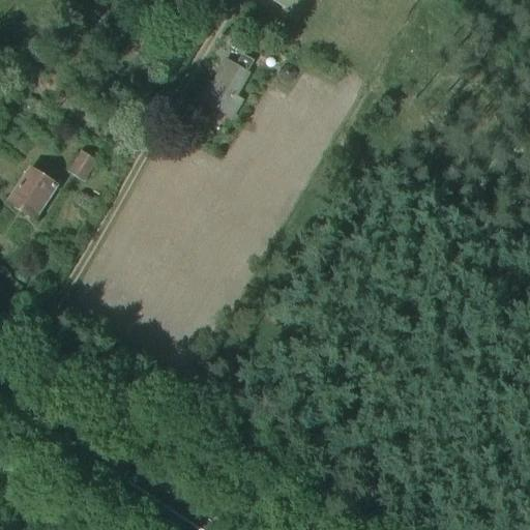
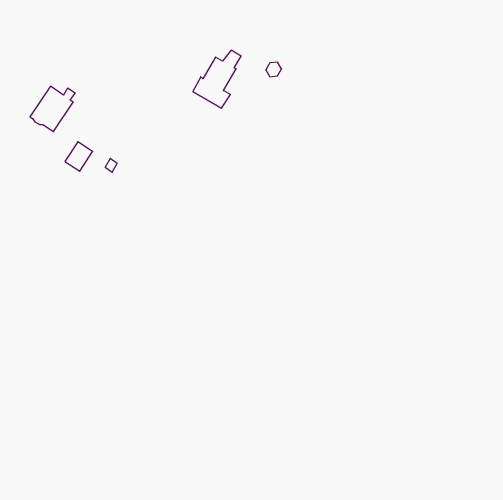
building: [10,169,58,216] -> [30,86,75,132]

